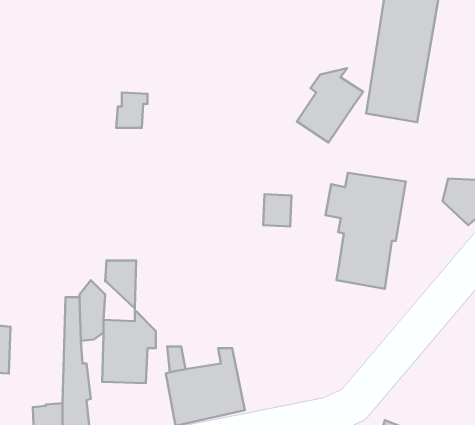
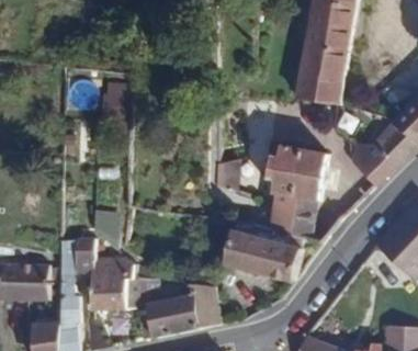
building: [297,68,363,143] -> none
building: none -> [223,227,297,275]
building: none -> [18,264,49,302]
building: none -> [191,281,224,329]

